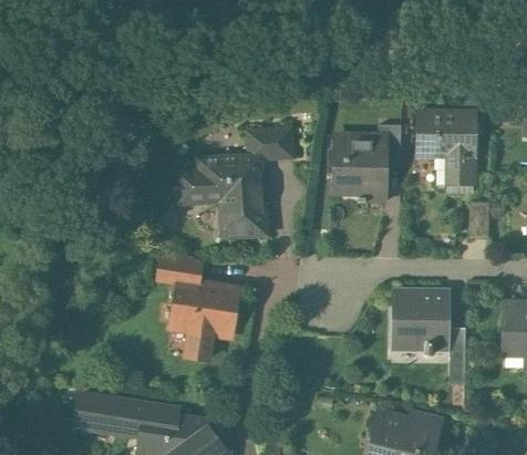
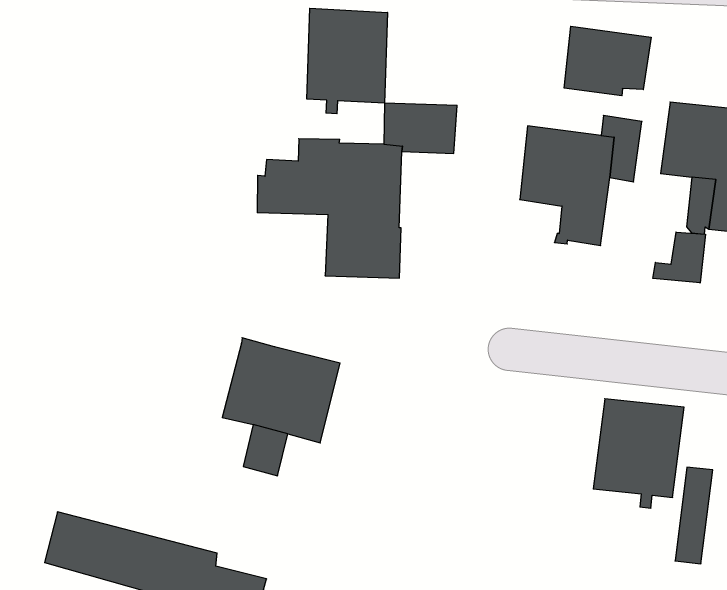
building: none -> [564,26,651,96]
building: none -> [307,8,387,114]
building: none -> [653,232,705,283]
building: [158,255,200,282] -> none

